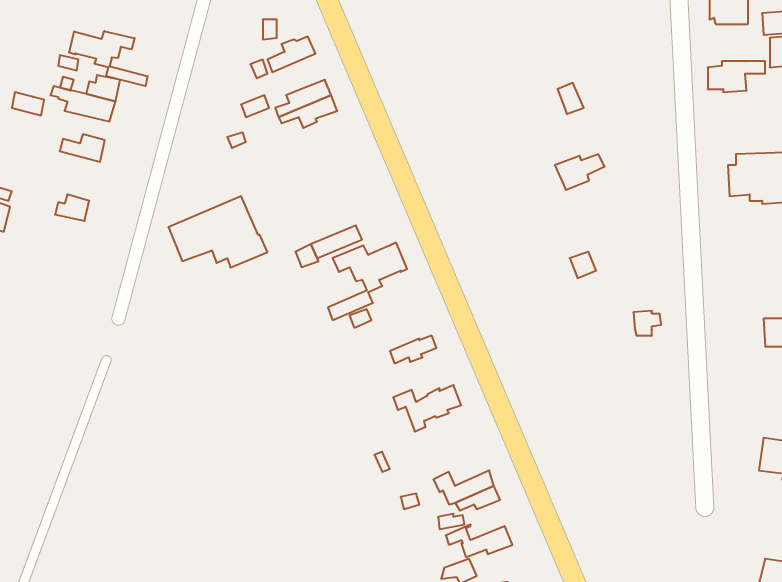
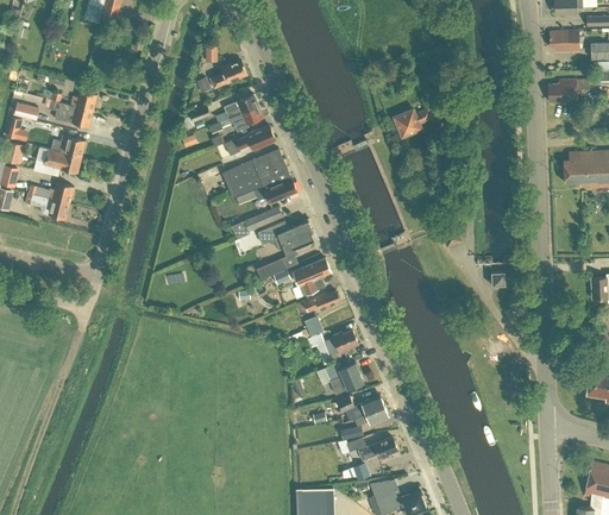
building: [69,31,148,86] -> none
building: none -> [225,125,276,155]
building: none -> [44,149,82,172]
building: [555,154,605,190] -> [395,108,433,136]
building: [168,196,268,268] -> [222,149,299,203]
building: none -> [26,193,70,219]
building: none -> [294,258,332,294]
building: none -> [325,362,364,389]

